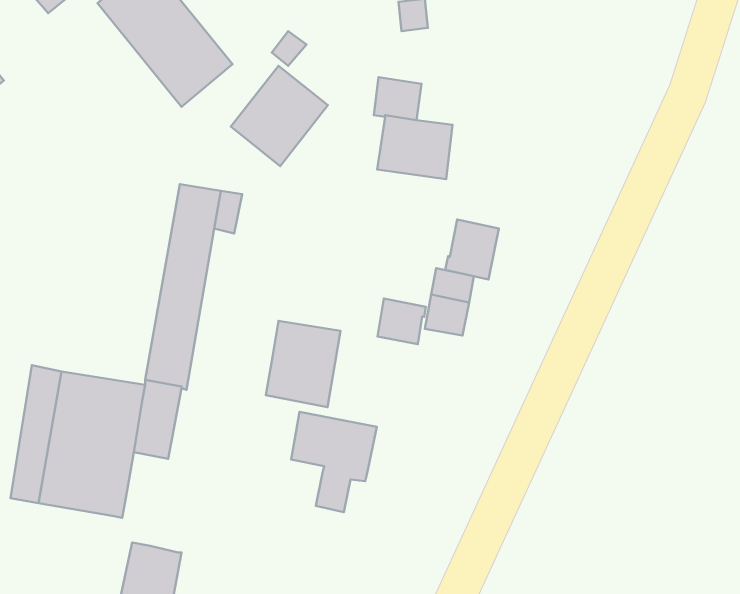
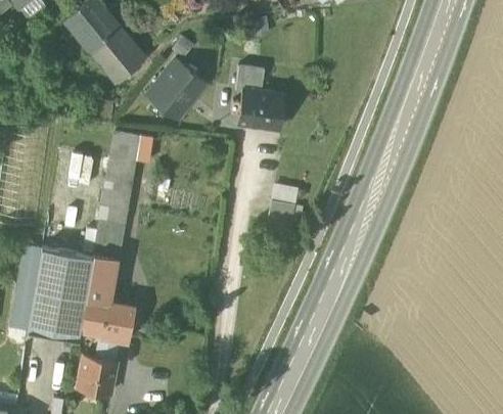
building: [445,220,499,280] -> none
building: [378,299,426,344] -> none
building: [266,321,341,407] -> none
building: [291,412,377,512] -> [81,298,134,361]

